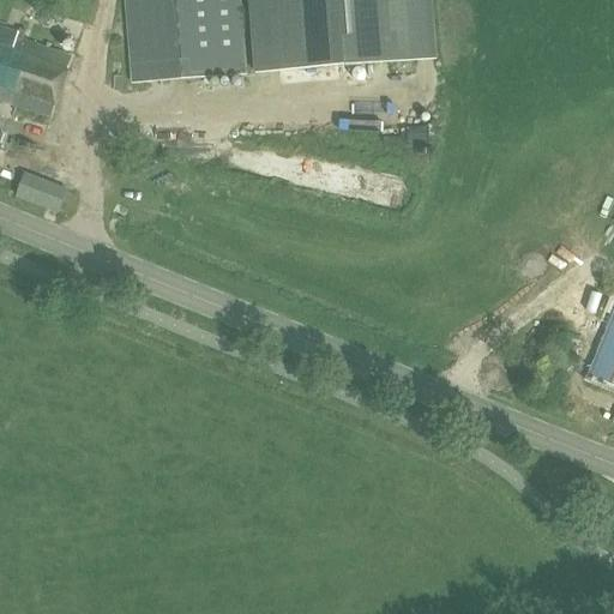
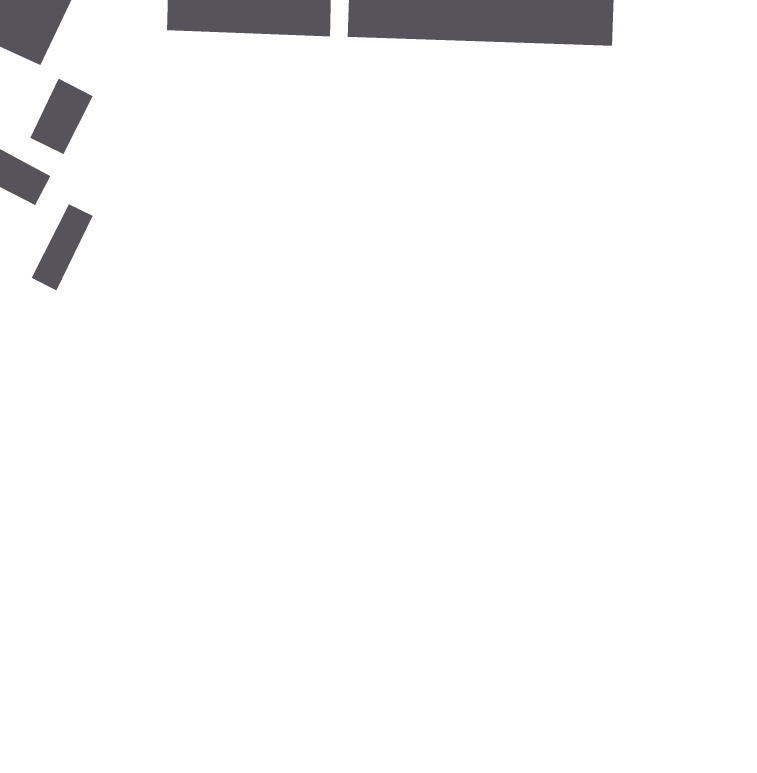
building: none -> [29,77,94,155]
building: none -> [30,203,94,292]

